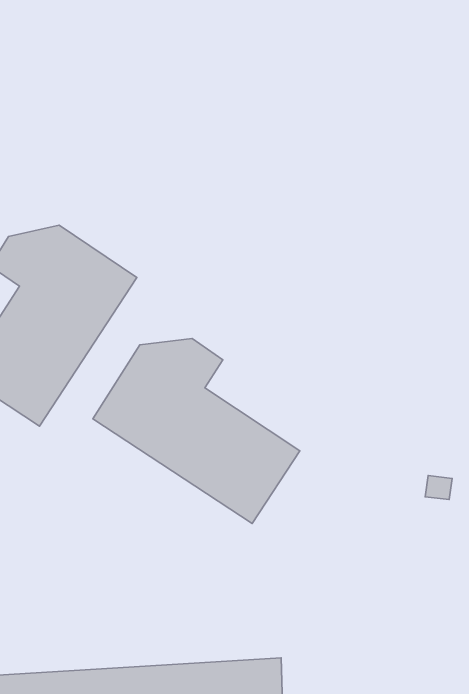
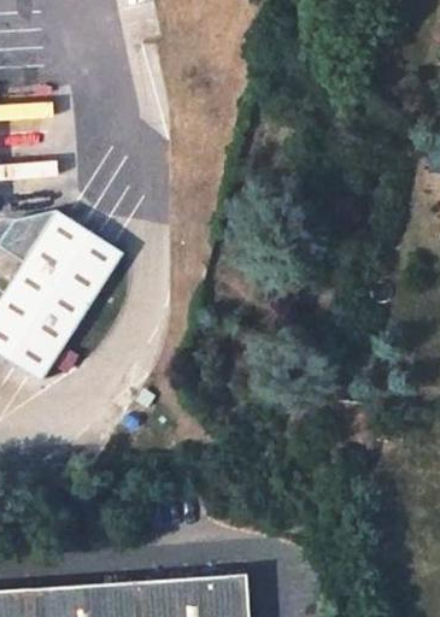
building: [93,339,300,524] -> none

